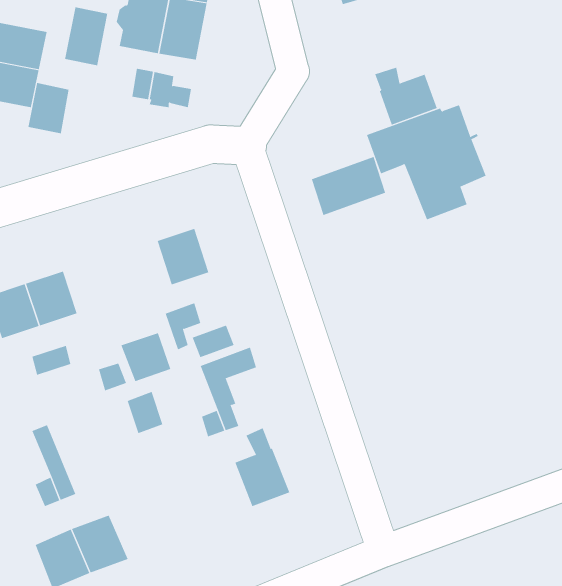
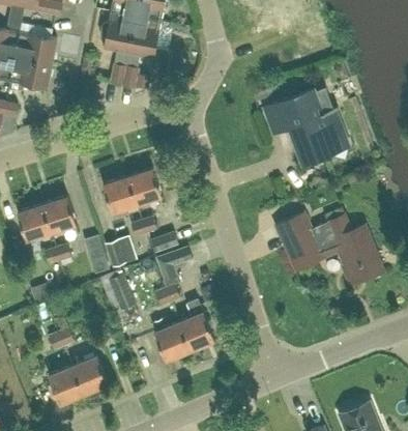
building: [65,7,108,66] -> none
building: [375,67,437,125] -> none
building: [28,82,69,134] -> none
building: [311,156,386,216] -> none
building: none -> [104,176,138,212]
building: none -> [278,212,382,285]
building: none -> [153,318,191,361]

